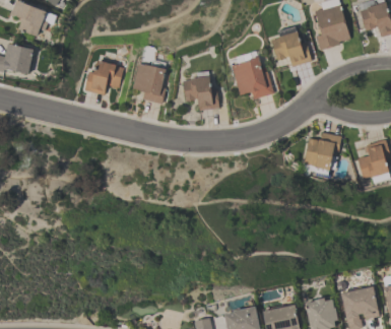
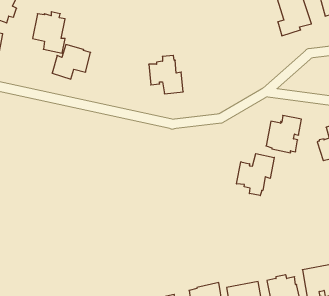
building: [271,30,311,66] -> none
building: [231,55,273,98] -> none
building: [132,60,166,103] -> [33,12,65,53]
building: none -> [237,154,274,196]

